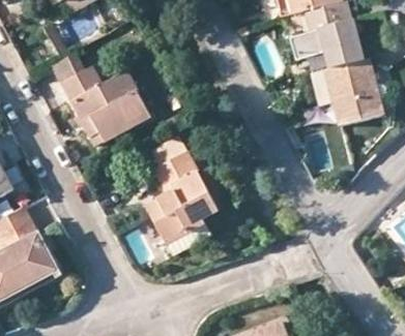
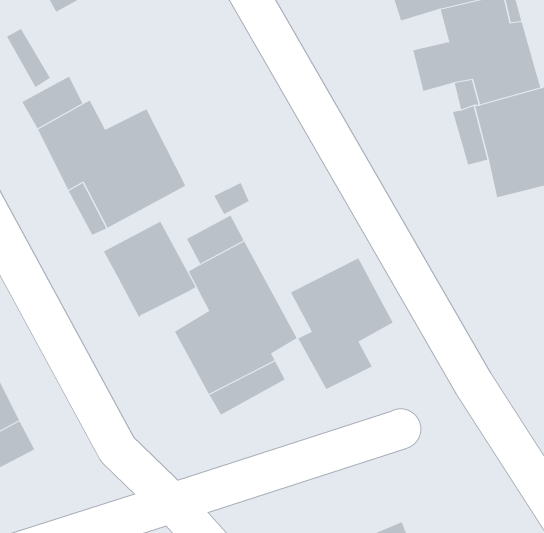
building: none -> [103,221,196,318]
building: none -> [290,258,394,390]

